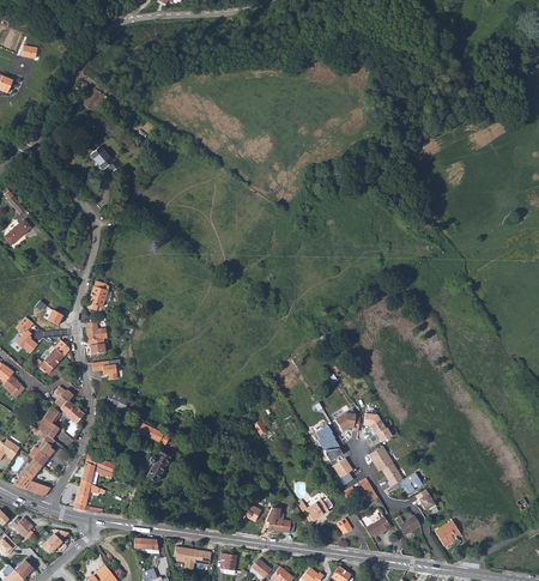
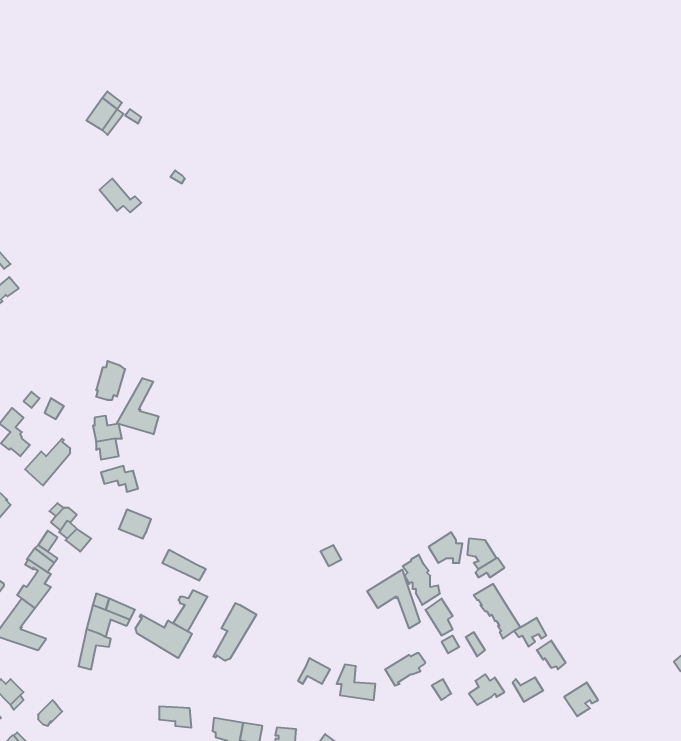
building: none -> [117,378,159,434]
building: none -> [367,570,420,628]
building: none -> [213,603,256,661]
building: none -> [136,614,192,658]

